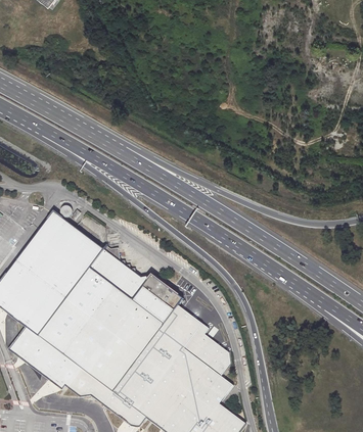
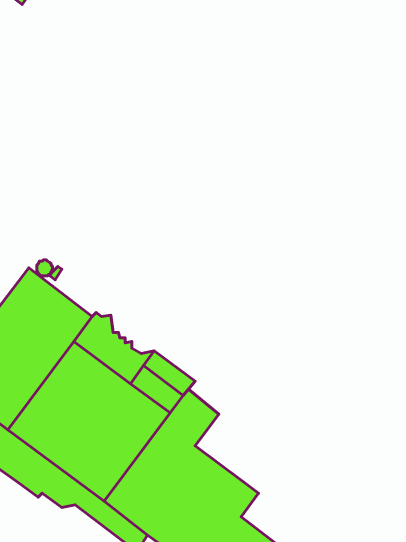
building: [183,324,230,376] -> none

